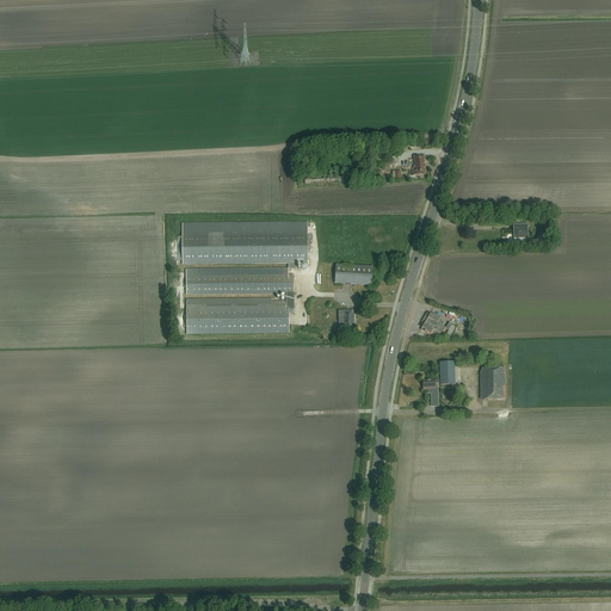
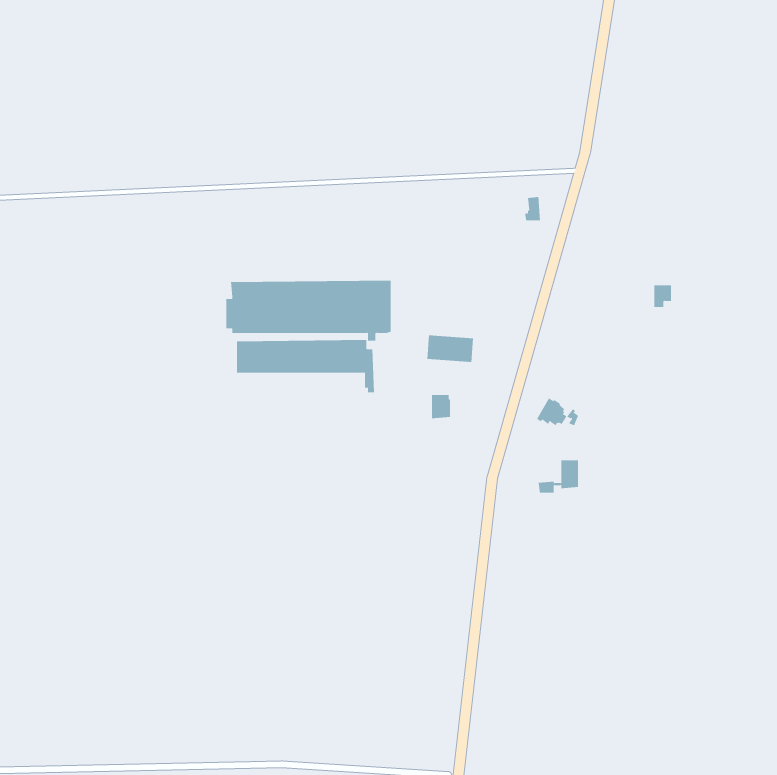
building: [186,296,288,332] -> none
building: [480,366,504,397] -> none

